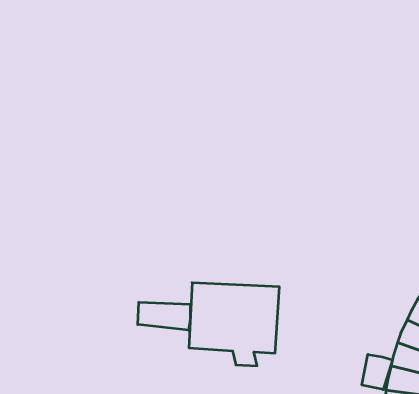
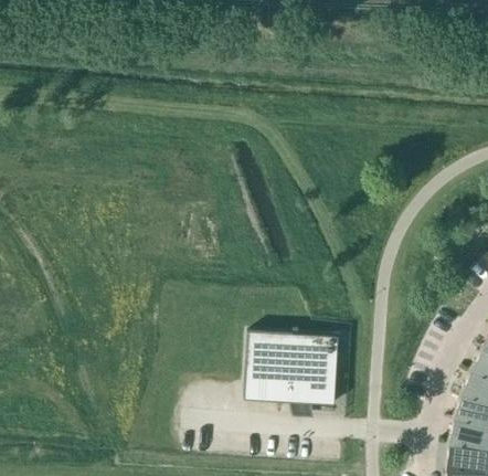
building: [138,302,190,330] -> none
building: [362,354,392,390] -> none

